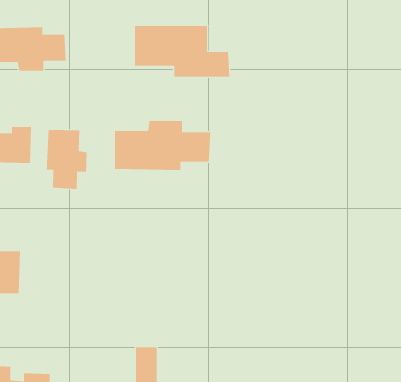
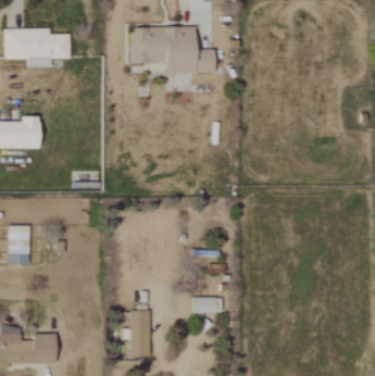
building: [115,120,211,171] -> none
building: [46,129,87,190] -> none
building: none -> [193,297,223,314]

